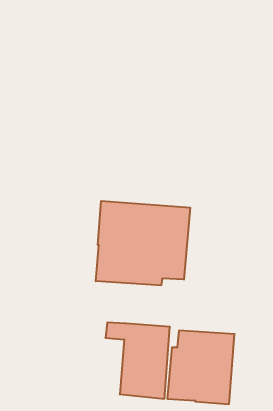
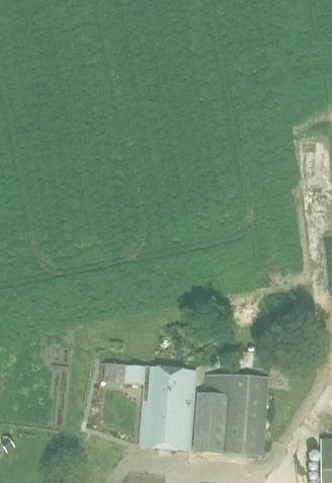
building: [96,201,190,285] -> none

